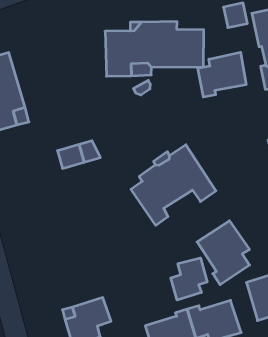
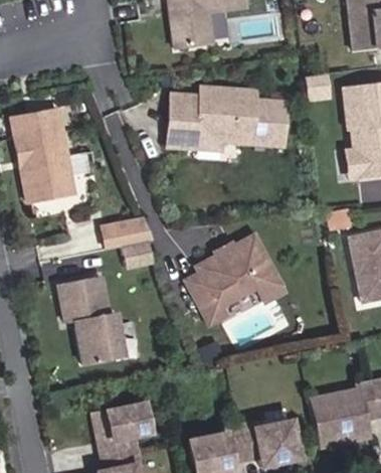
building: [198,52,246,97] -> none
building: none -> [58,276,124,364]
building: [197,221,250,285] -> none
building: [171,258,207,300] -> none

